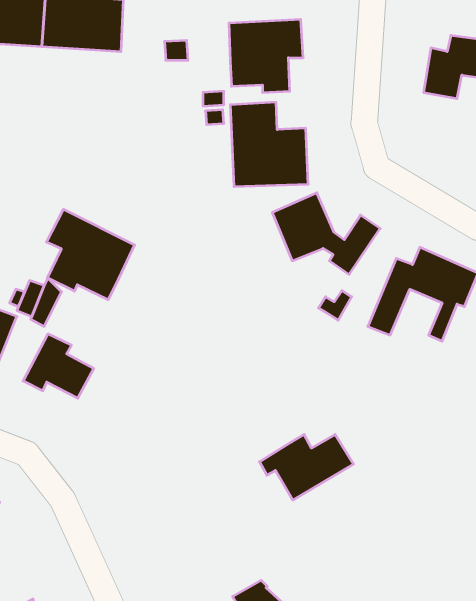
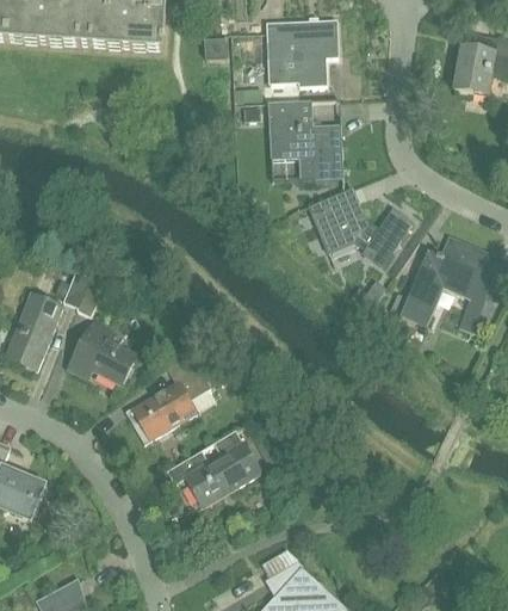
building: [46,209,135,300] -> none
building: none -> [125,352,209,443]
building: [259,434,354,500] -> [169,443,260,506]

